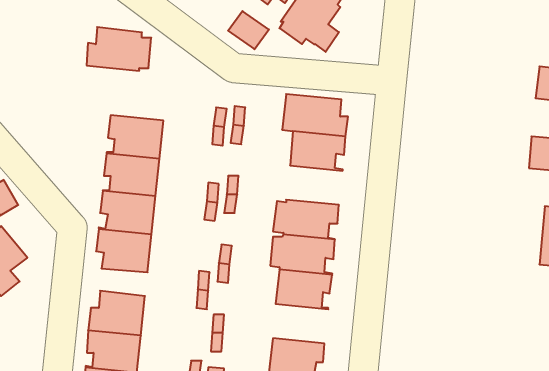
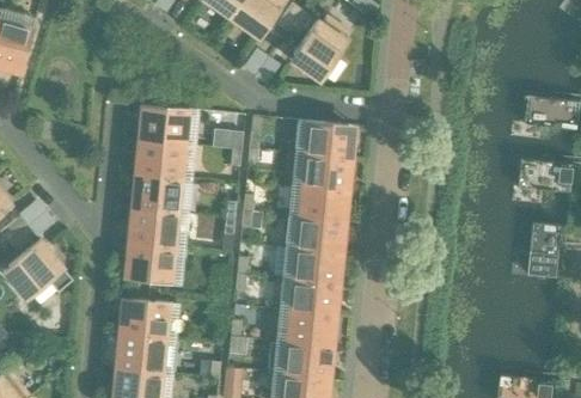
building: [87,27,151,71] -> [139,105,197,145]
building: none -> [289,185,349,221]
building: none -> [286,311,336,347]

